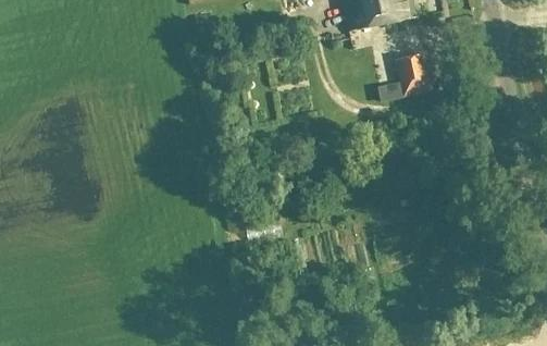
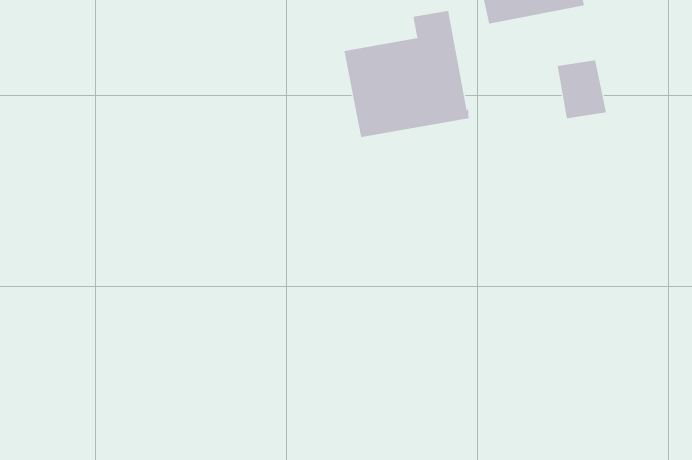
building: none -> [344,10,469,138]

